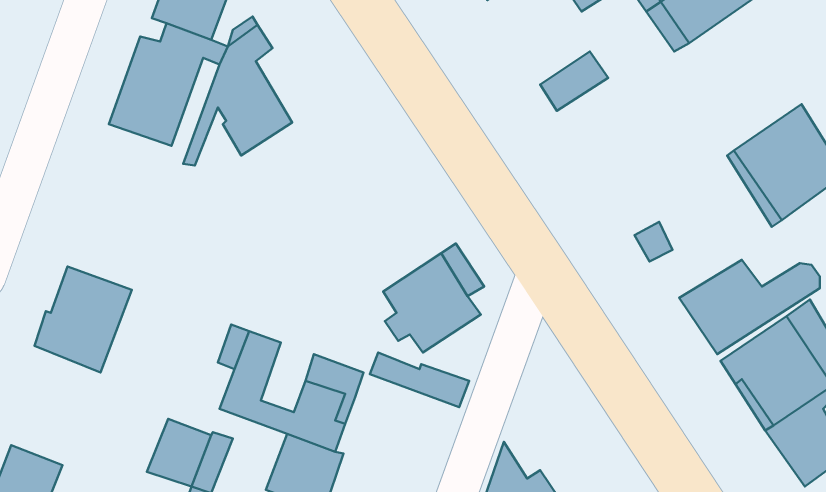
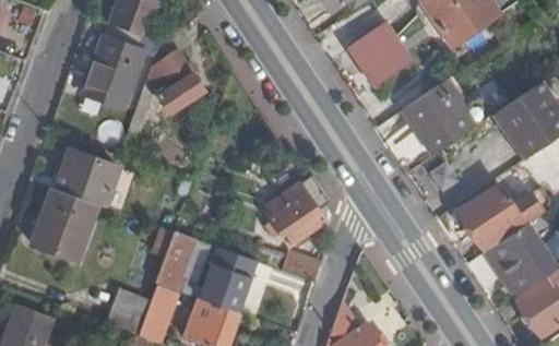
building: none -> [350,24,399,69]
building: none -> [403,83,486,154]
building: none -> [53,148,115,205]

